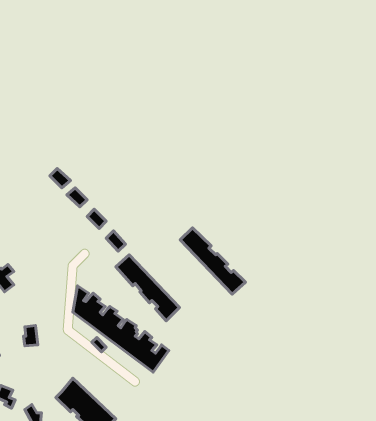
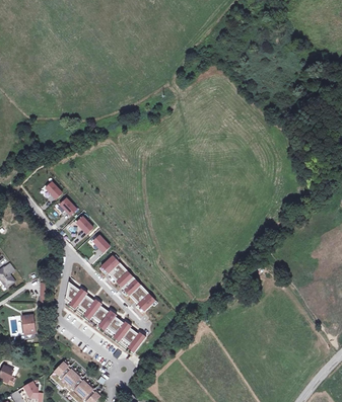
building: [180,228,245,294] -> none

